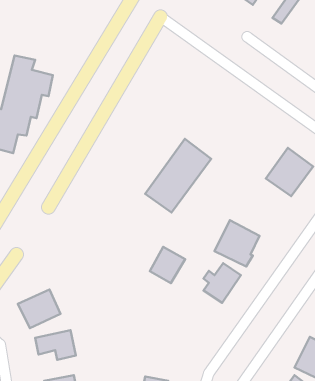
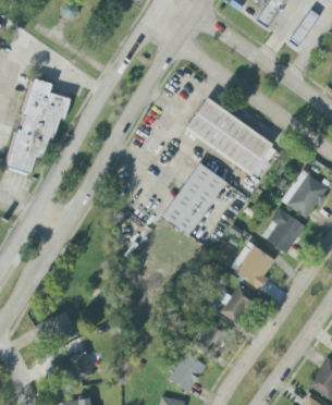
building: none -> [187,98,270,174]
building: none -> [260,208,305,254]
building: [150,247,185,283] -> [192,322,226,358]
building: none -> [169,352,206,392]

